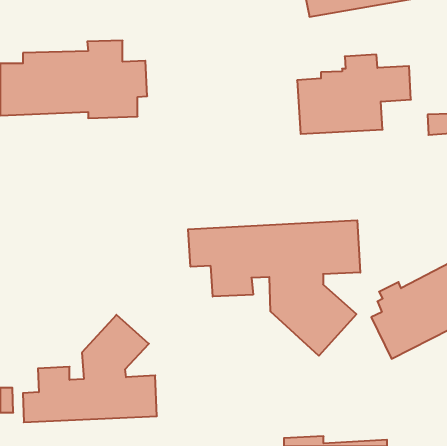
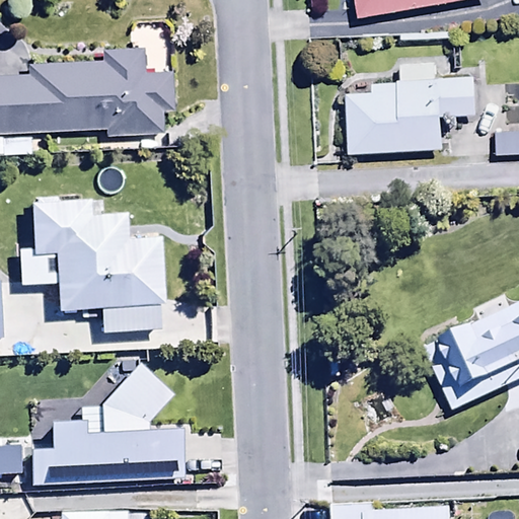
building: none -> [29,196,162,333]
building: [188,220,360,356] -> none

